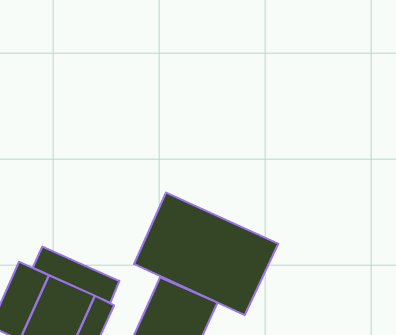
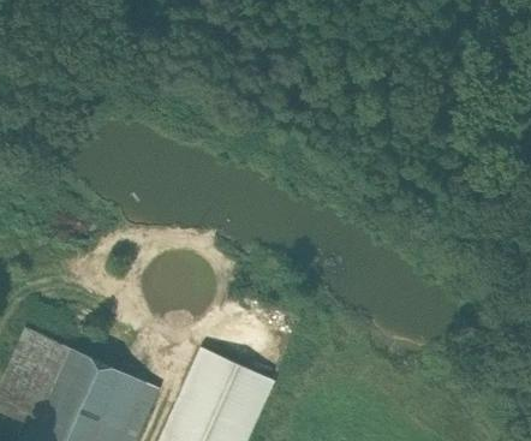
building: [134,192,278,315] -> none
building: [33,247,119,303] -> none

